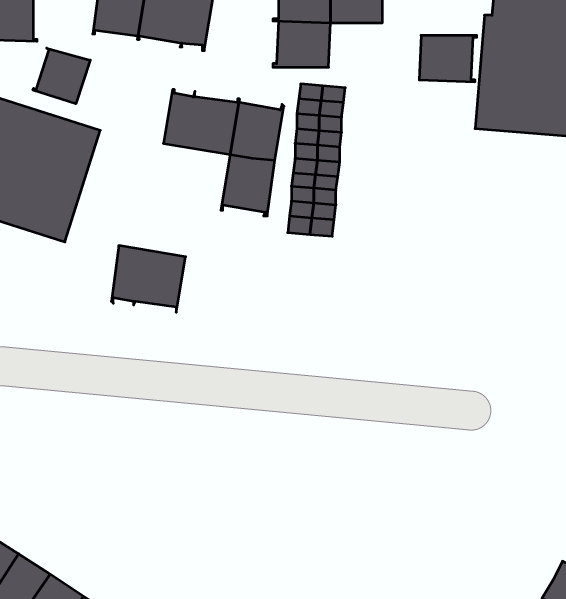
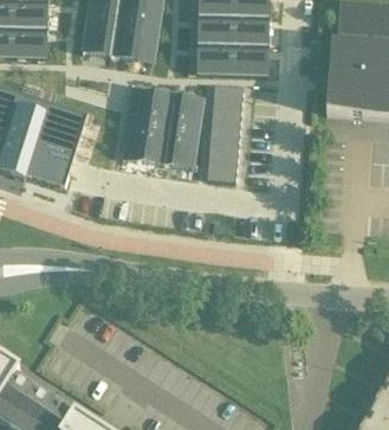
building: [419,35,477,82] -> [232,45,268,75]
building: [33,48,90,104] -> none
building: [111,246,186,312] -> [122,122,169,165]

